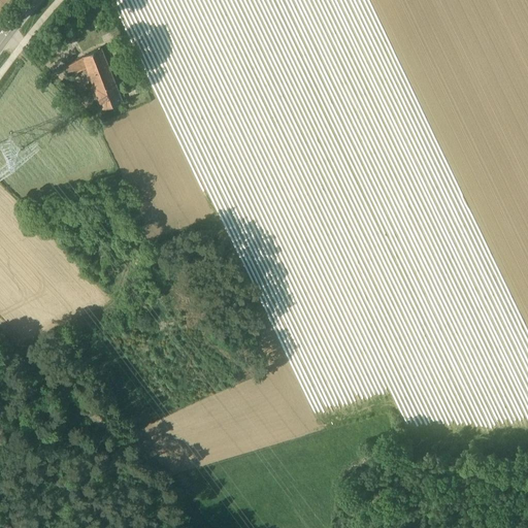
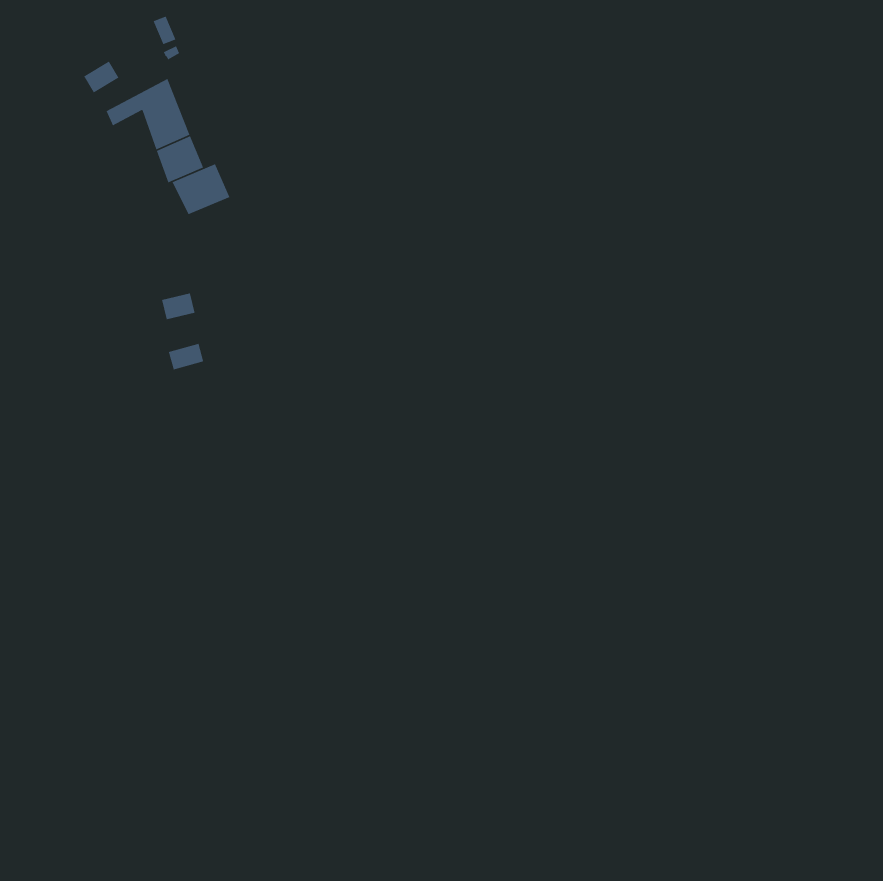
building: none -> [171,163,231,215]

